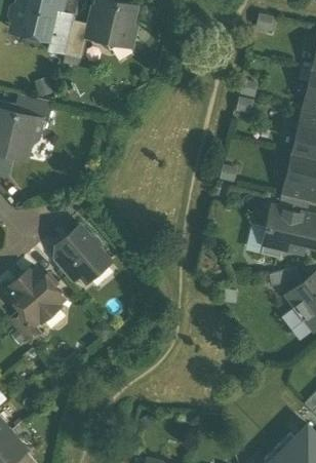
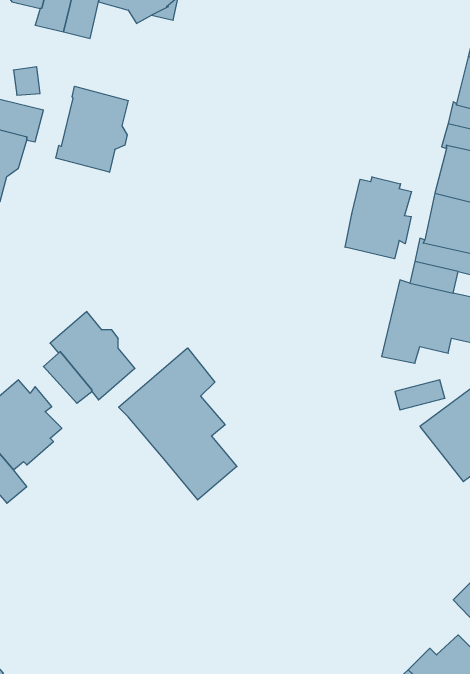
building: none -> [56,86,128,172]
building: none -> [345,177,412,259]
building: none -> [119,348,237,500]

